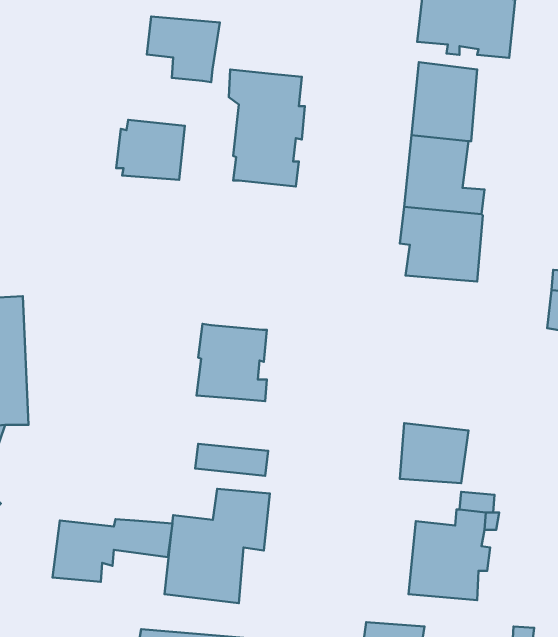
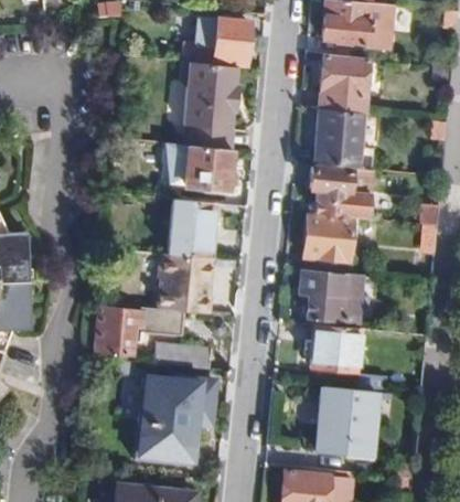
building: [147,17,220,82] -> [194,17,249,66]
building: [116,120,185,180] -> [180,143,232,189]
building: none -> [168,197,213,256]
building: none -> [303,214,353,261]
building: none -> [298,274,362,325]
building: [53,519,172,582] -> [95,305,185,352]

